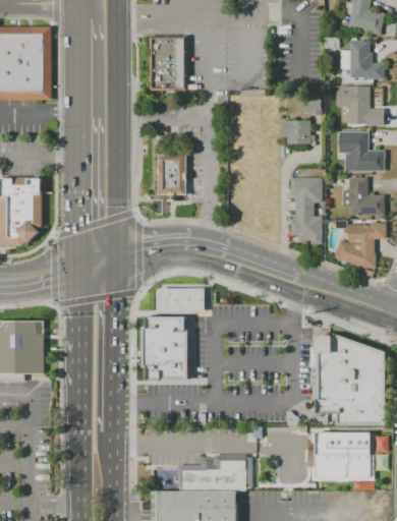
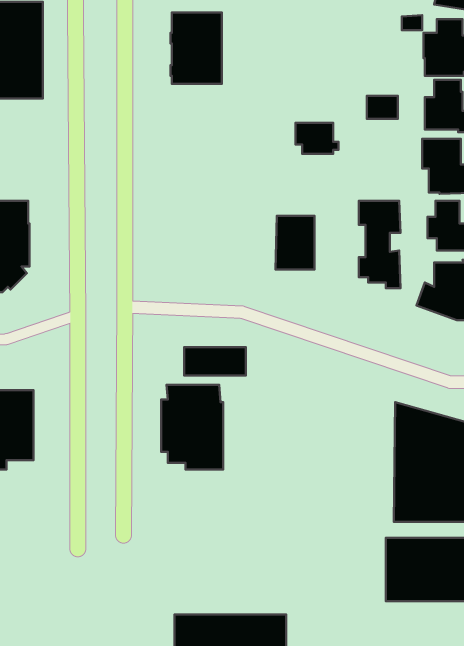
building: [282,121,315,144] -> [295,123,338,154]
building: [157,155,186,195] -> [276,216,315,270]
building: [178,455,252,491] -> none

